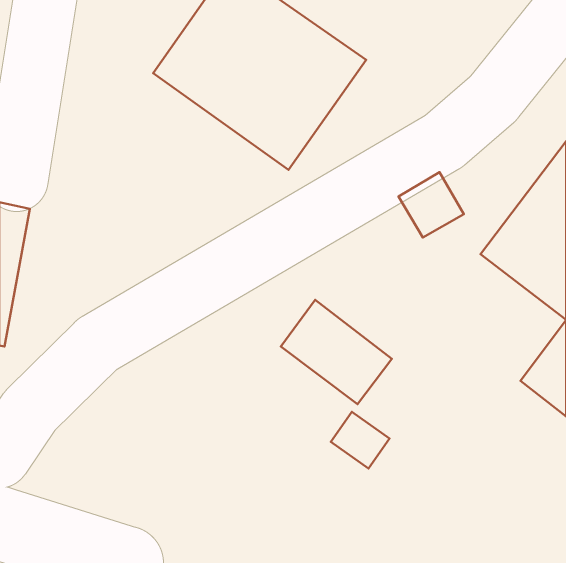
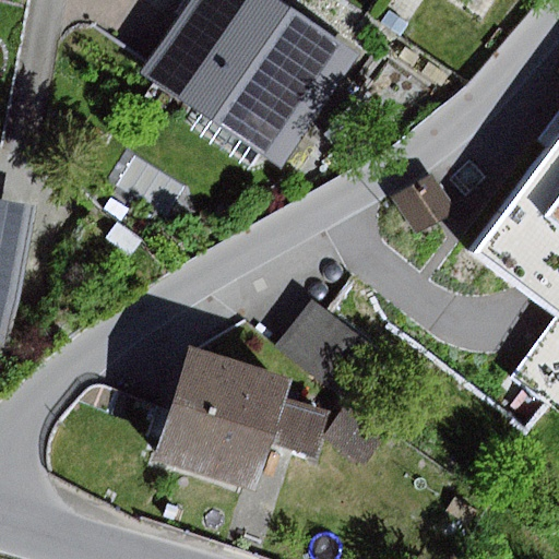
building: none -> [154,346,295,487]

